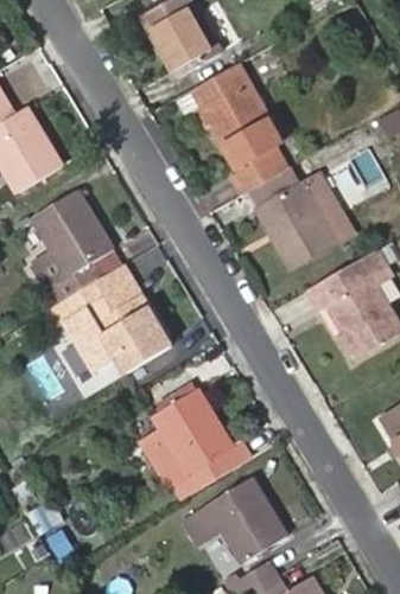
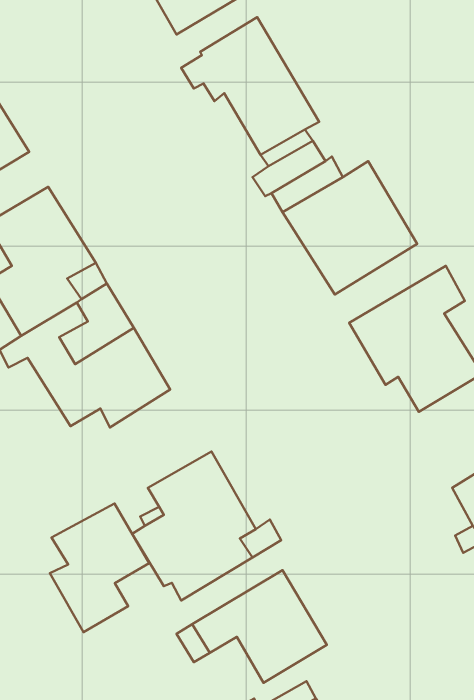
building: none -> [50,503,149,632]

